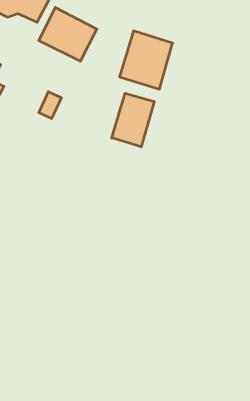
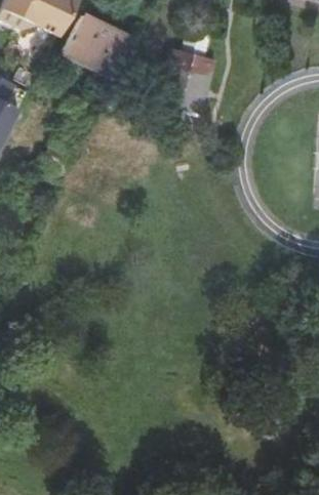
building: [112,93,154,147] -> none

